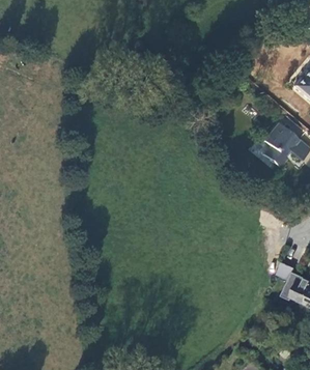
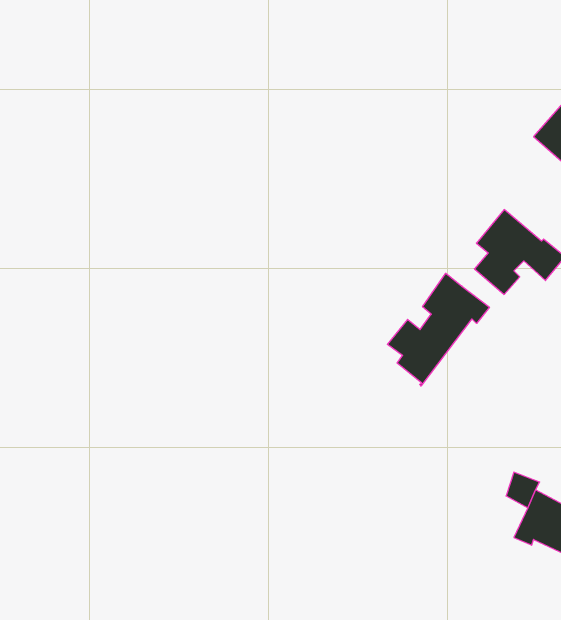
building: none -> [387,273,489,386]

